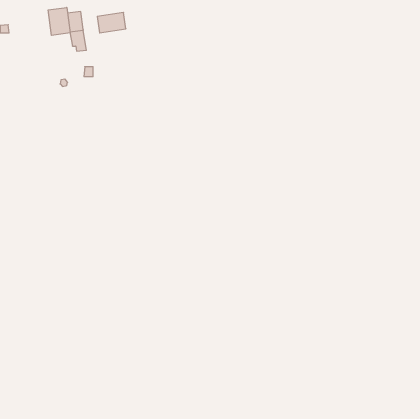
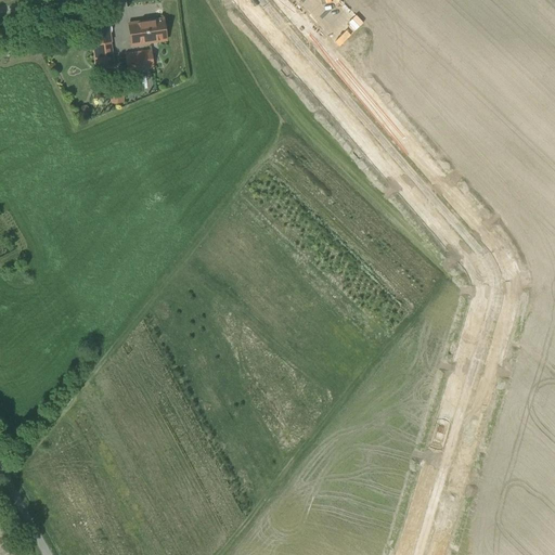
building: [48,7,70,35] -> none
building: none -> [126,49,154,69]

